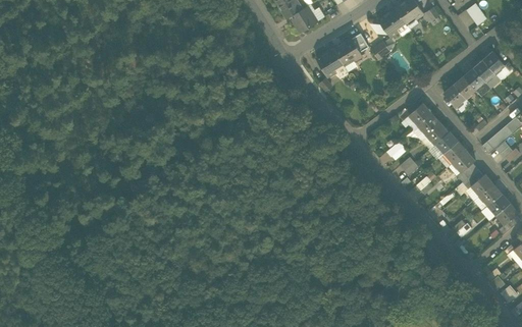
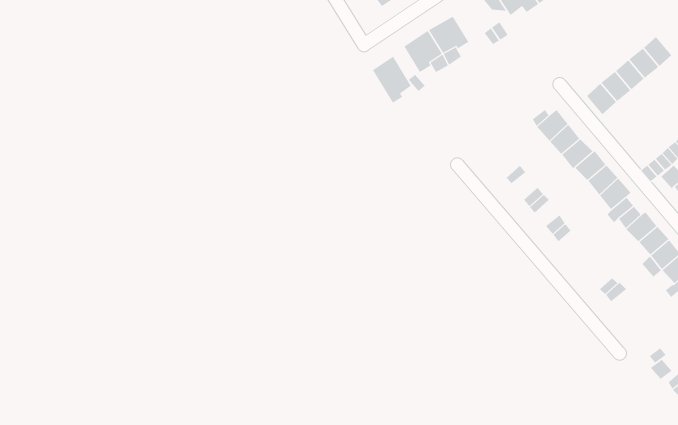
building: none -> [372,56,412,103]

